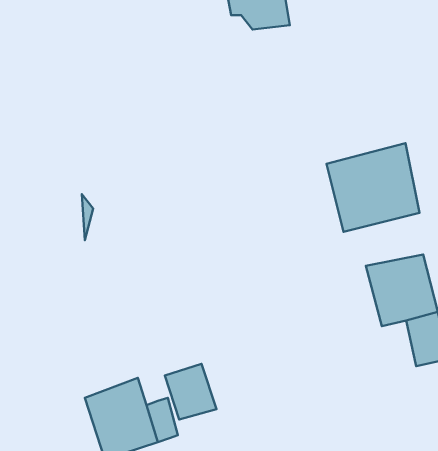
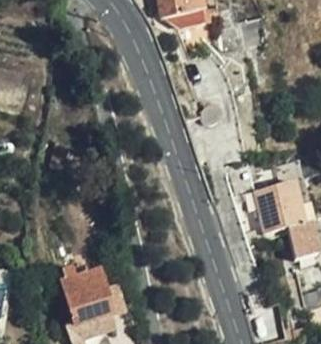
building: [327,143,419,232] -> none
building: [165,364,217,419] -> none

